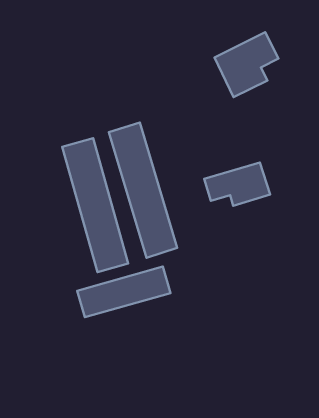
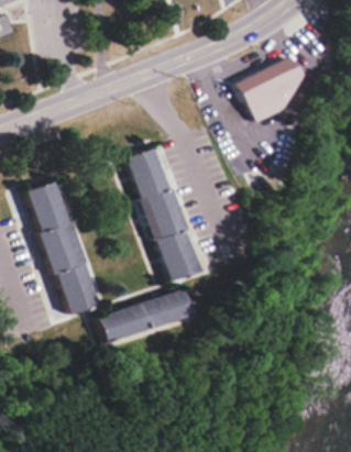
building: [62,138,128,272] -> [31,181,97,316]
building: [204,162,270,206] -> none

